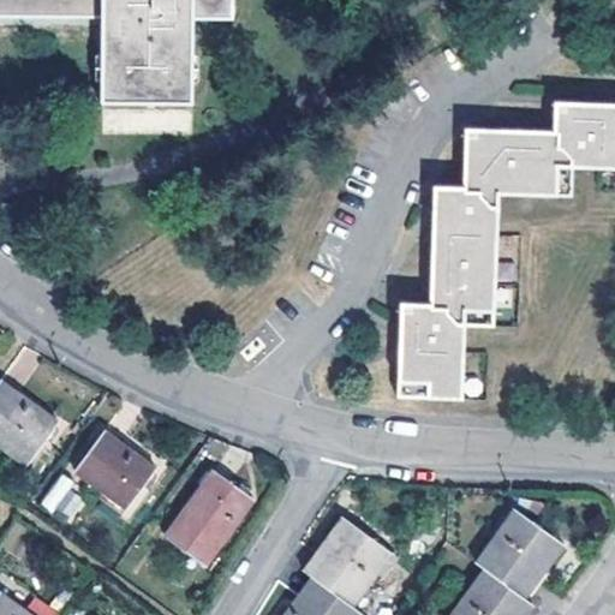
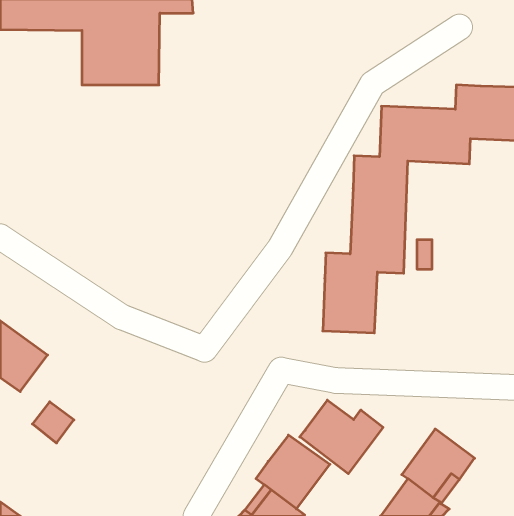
building: [78,432,157,509] -> none
building: [167,472,255,567] -> none
building: none -> [300,400,383,474]

